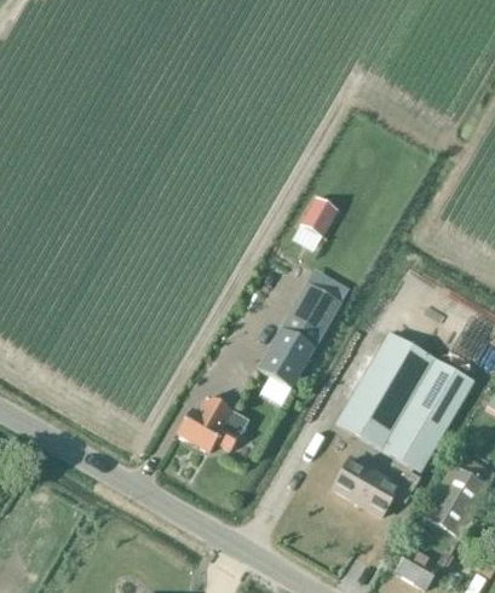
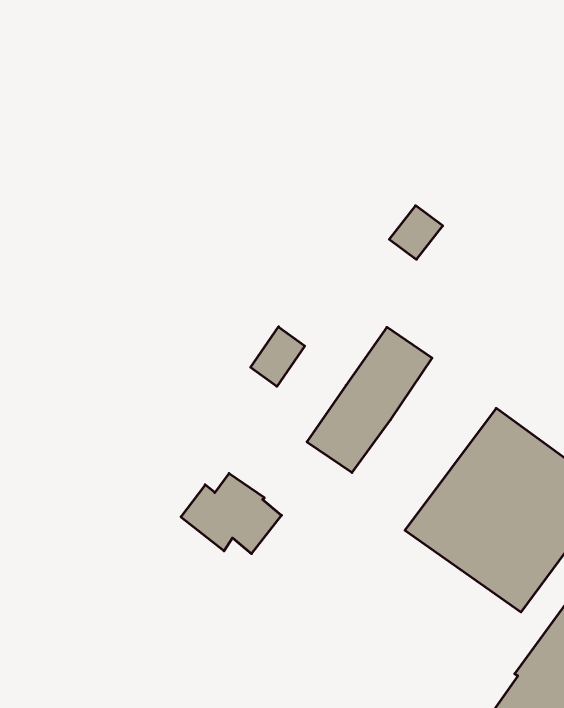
building: none -> [251,327,305,386]
building: [332,454,420,516] -> none

